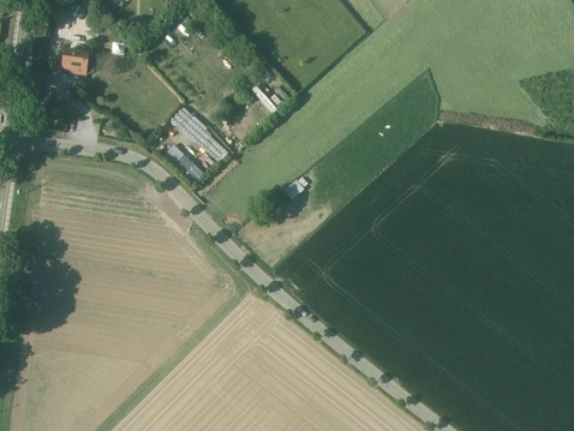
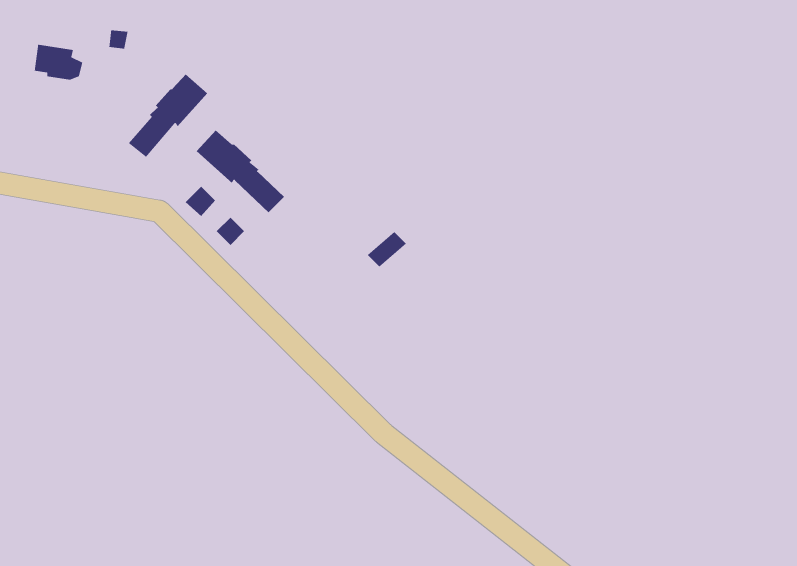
building: none -> [128,73,208,158]

